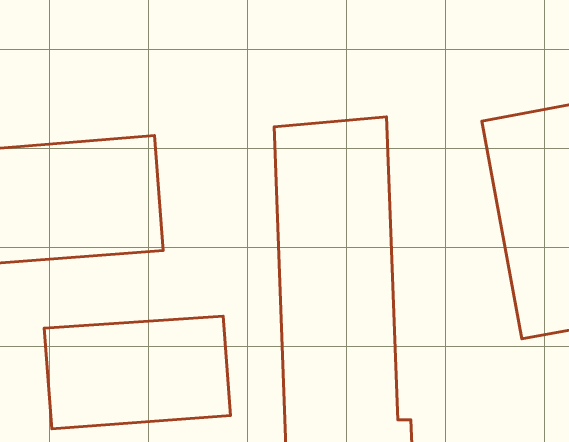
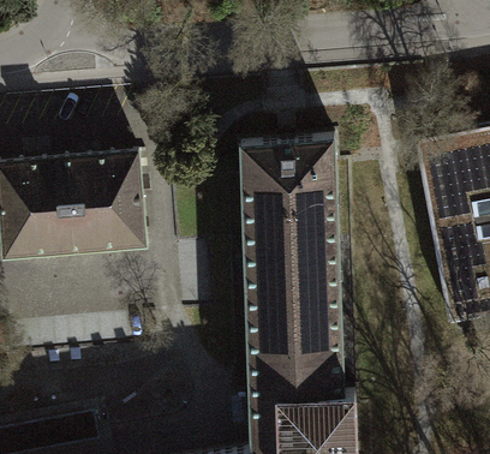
building: [44,316,231,429] -> none

